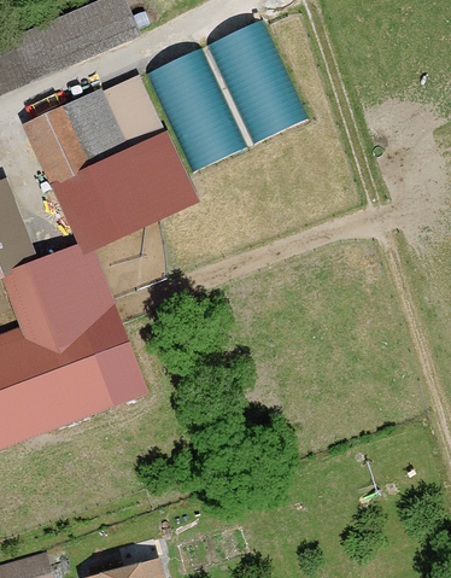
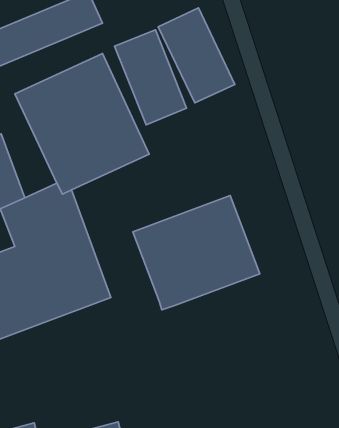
building: none -> [133,195,260,310]

